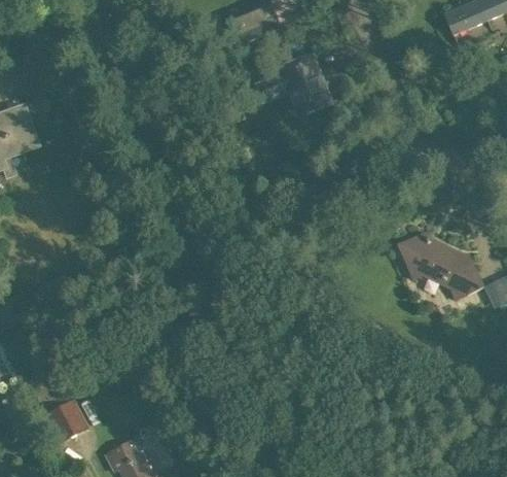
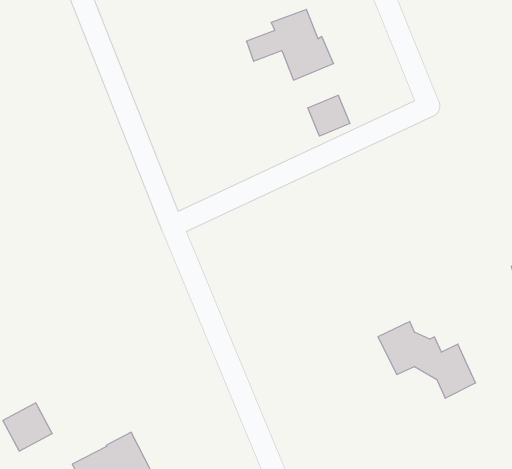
building: none -> [308,95,350,136]
building: [398,233,483,300] -> [378,322,476,398]

